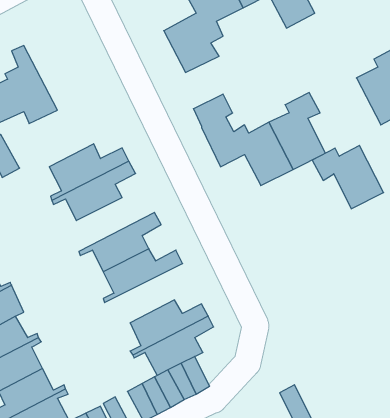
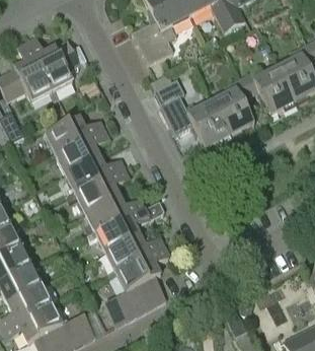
building: none -> [26,38,79,91]
building: [312,145,384,209] -> [241,67,295,115]
building: none -> [66,157,125,198]
building: none -> [87,200,164,252]

